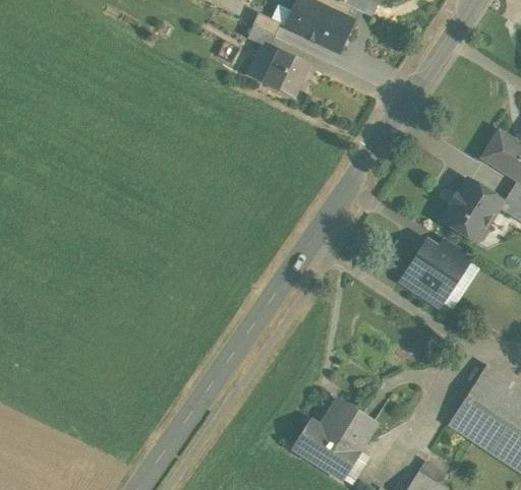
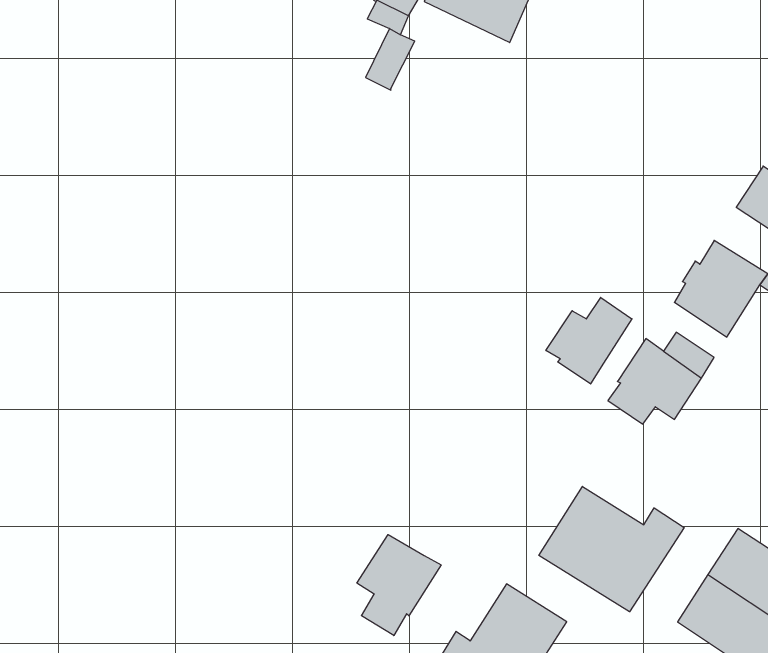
building: [263,50,309,98] -> none
building: none -> [546,297,632,384]
building: none -> [539,486,684,612]
building: none -> [357,535,441,636]

